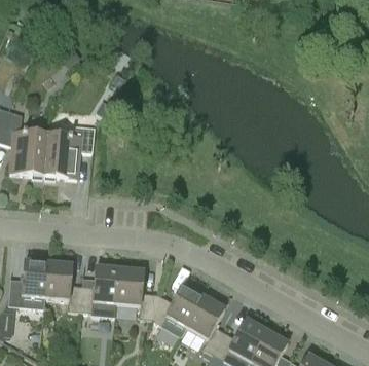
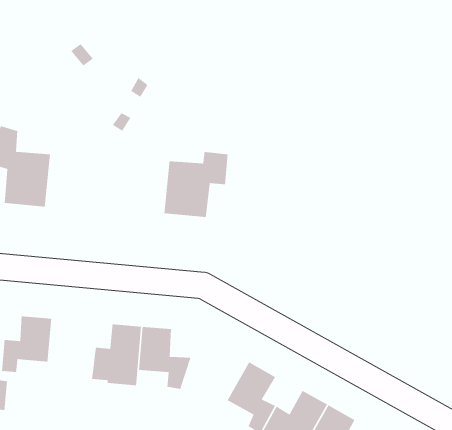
building: [43,126,95,179] -> [163,151,229,218]
building: [45,263,82,312] -> none
building: [150,285,204,336] -> none

